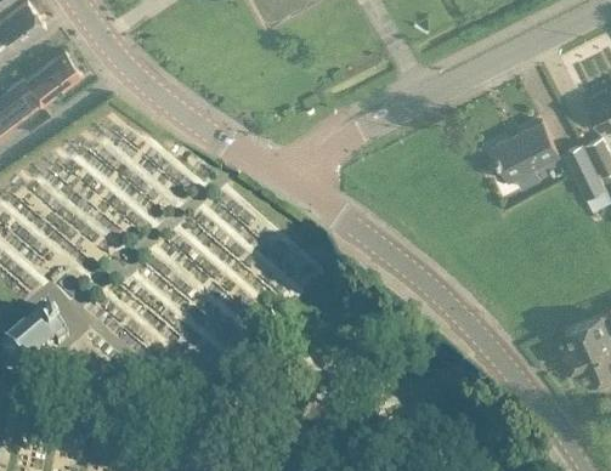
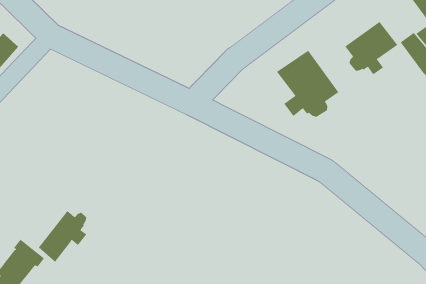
building: none -> [276,50,339,118]
building: none -> [38,210,87,263]

